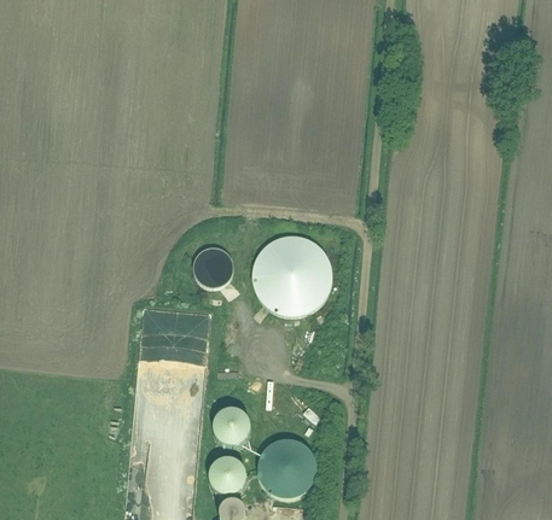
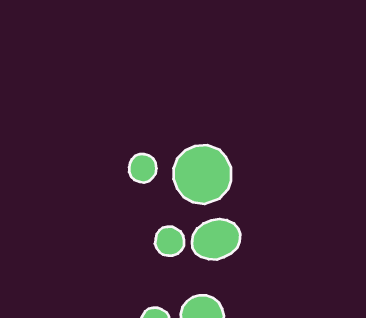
building: none -> [192,219,240,260]
building: [210,405,250,444] -> [155,227,184,255]

